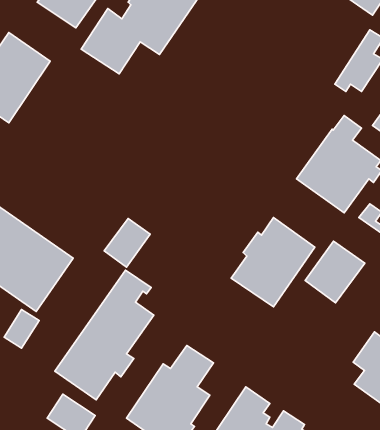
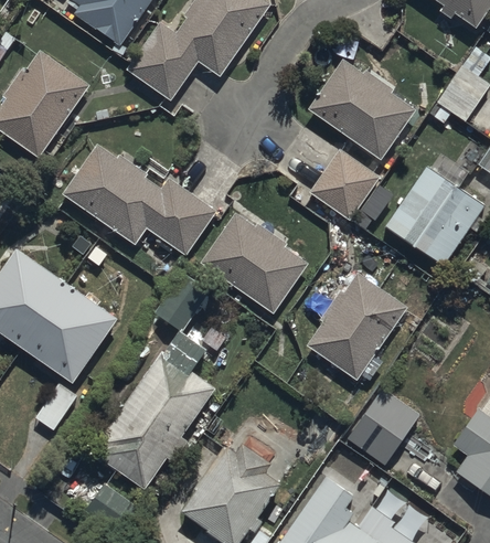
building: none -> [308,60,416,160]
building: none -> [63,143,217,256]
building: none -> [310,149,380,220]
building: none -> [201,212,308,312]
building: [305,241,365,303] -> [349,388,420,462]

